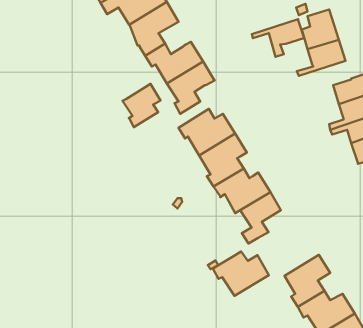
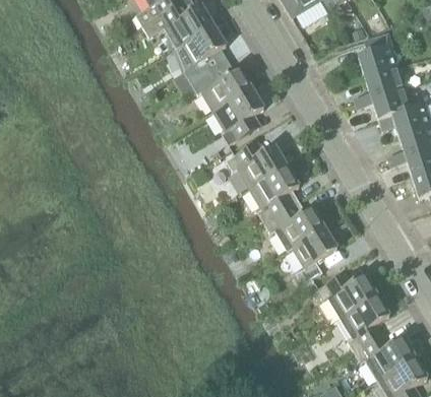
building: [252,19,304,57] -> [355,87,411,128]
building: [123,84,161,127] -> none
building: [213,251,269,296] -> [316,270,376,318]

